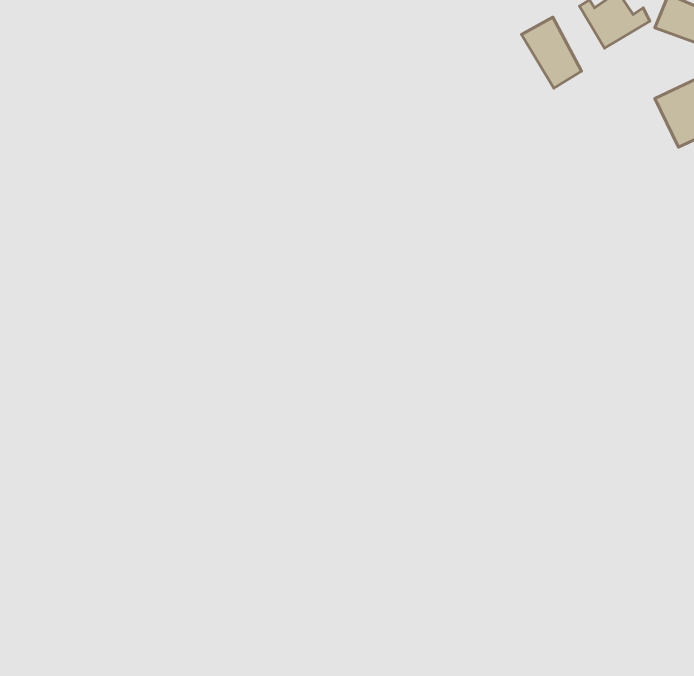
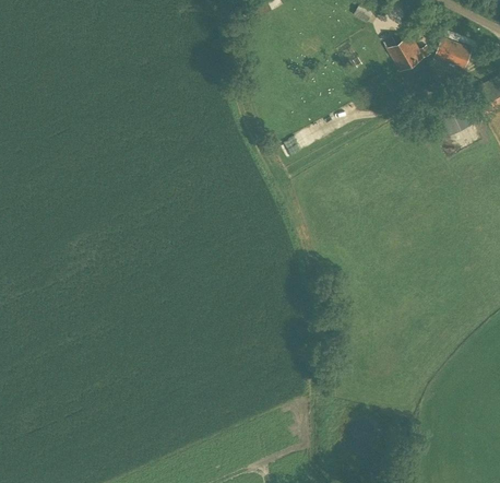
building: [522,17,582,88] -> none

